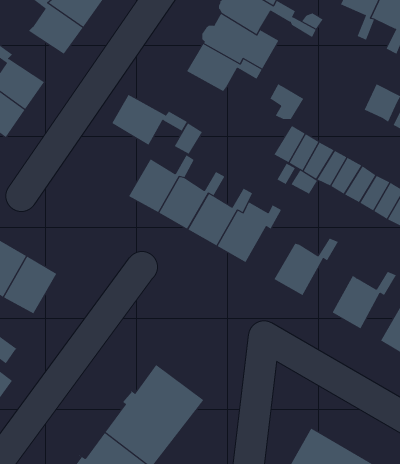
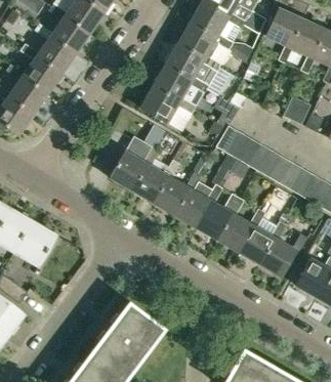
building: none -> [20,44,63,94]
building: [112,94,188,145] -> [140,86,197,124]
building: none -> [197,194,245,240]
building: none -> [239,221,287,264]

